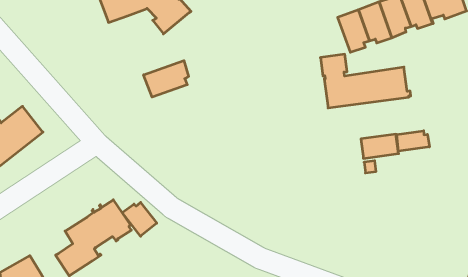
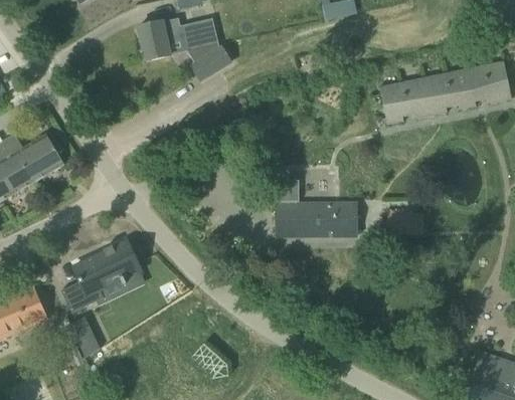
building: [320,54,411,108] -> [274,182,360,234]
building: [144,61,189,97] -> none
building: [397,131,429,151] -> none
building: [122,202,157,236] -> none

